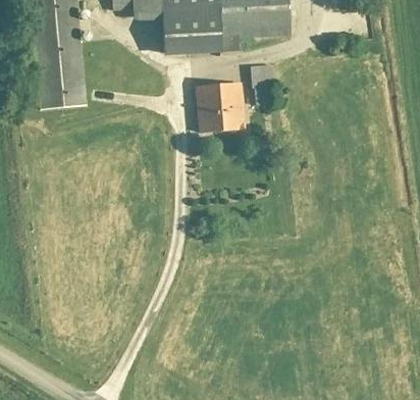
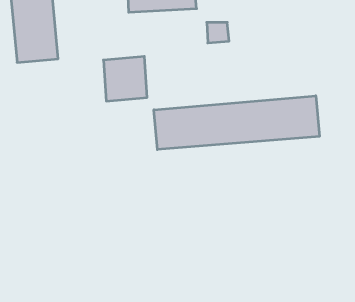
building: [196,81,244,130] -> [103,56,147,101]
building: none -> [154,96,319,150]

